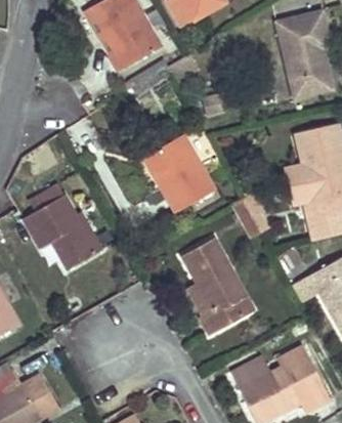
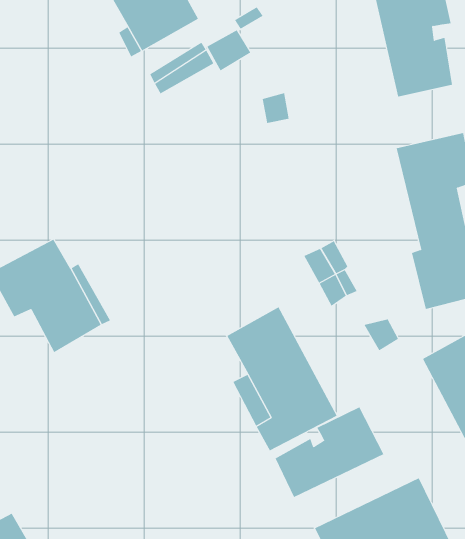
building: [142,133,215,215] -> none
building: none -> [275,407,384,498]

